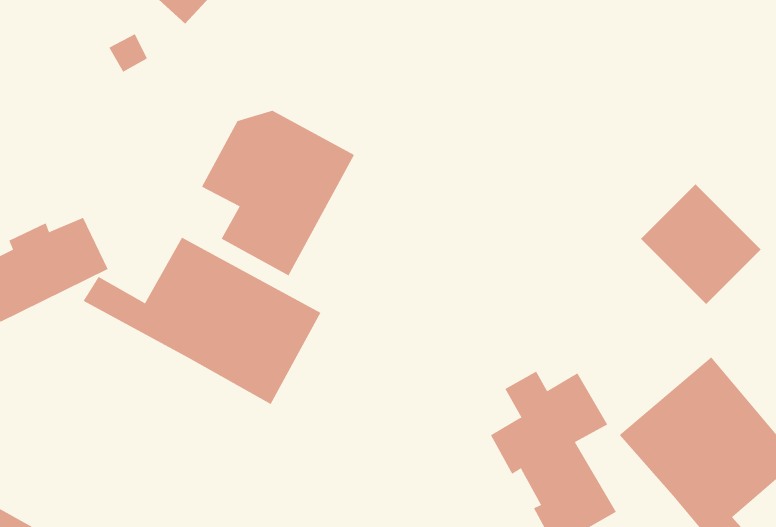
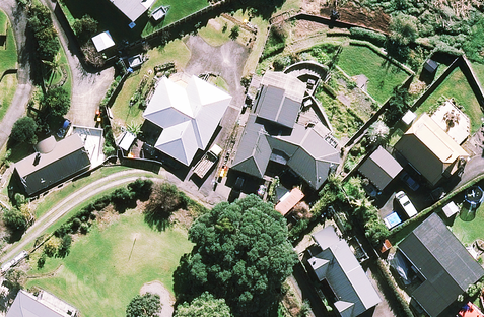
building: none -> [229,84,343,189]
building: [83,237,321,405] -> none
building: none -> [358,145,403,189]

